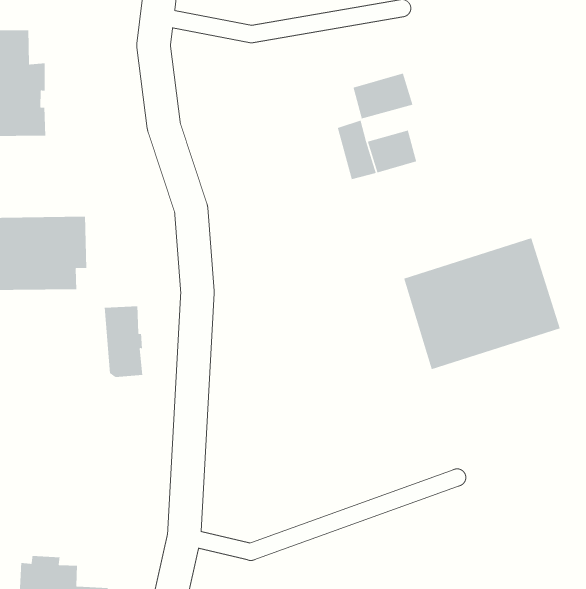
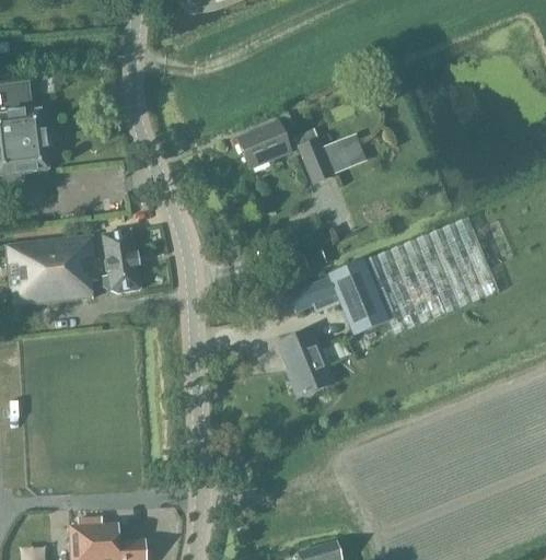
building: [352,73,414,120] -> [237,121,290,164]
building: none -> [288,259,388,335]
building: [104,305,143,378] -> [102,228,140,290]
building: none -> [282,328,334,396]

